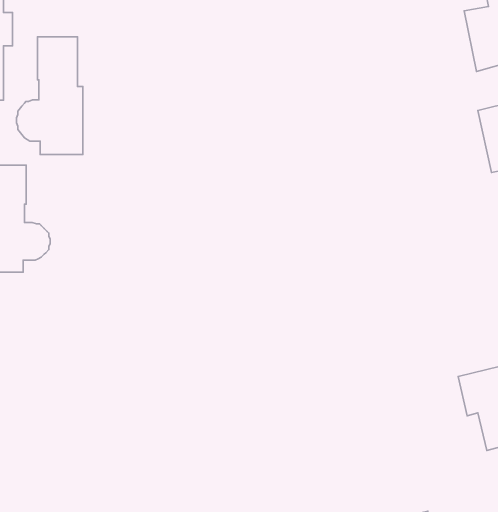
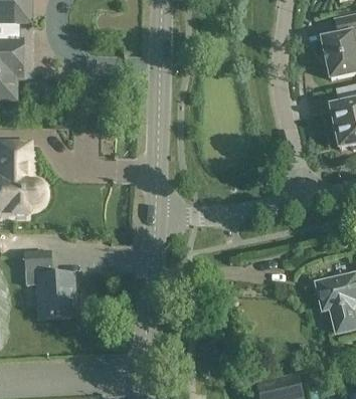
building: [16,37,83,154] -> none
building: none -> [24,249,76,317]

